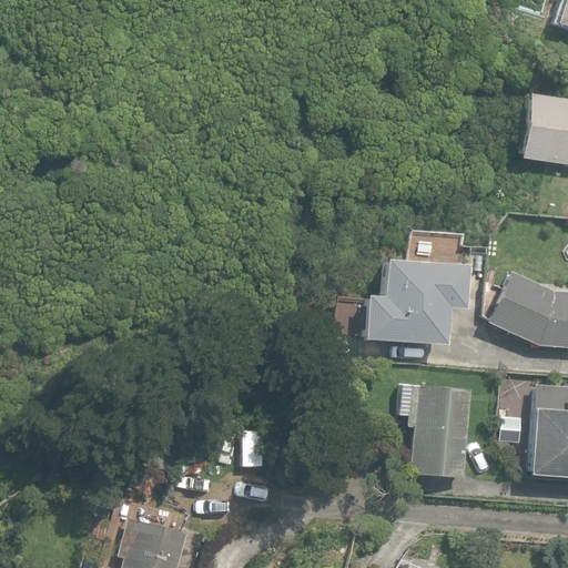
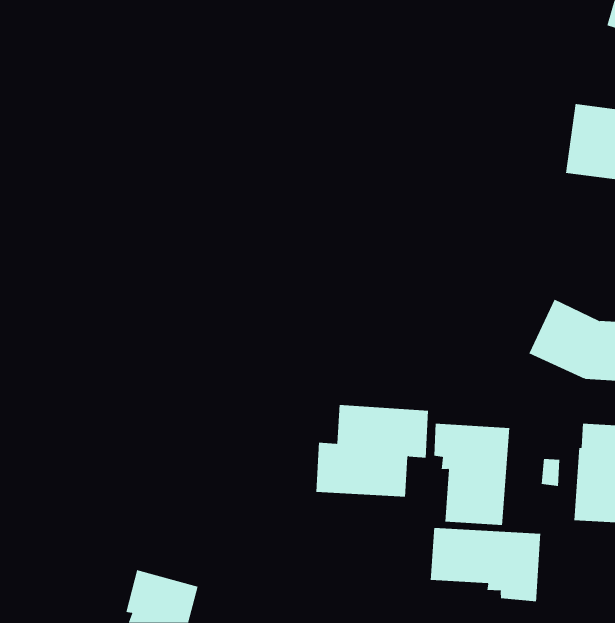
building: [365,257,468,342] -> [316,404,429,497]
building: none -> [430,527,541,602]

